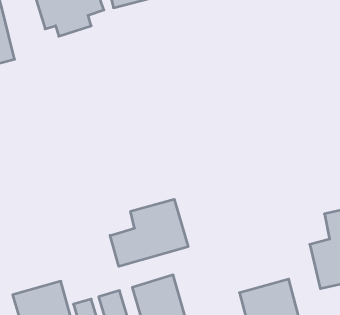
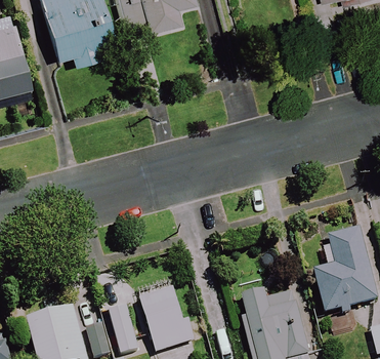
building: [110,199,188,266] -> none

